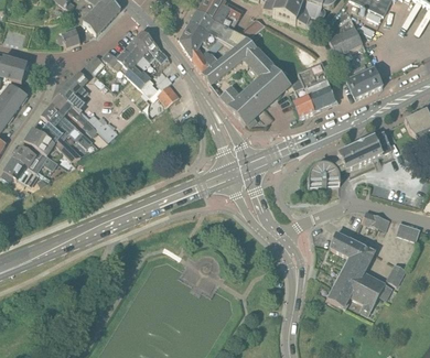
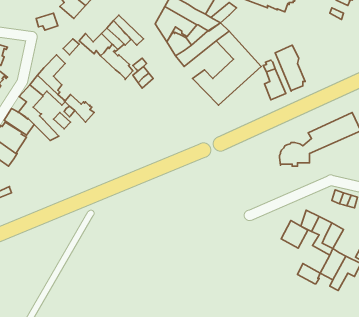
building: [329,20,384,98] -> none
building: [333,268,361,296] -> [281,220,308,248]

